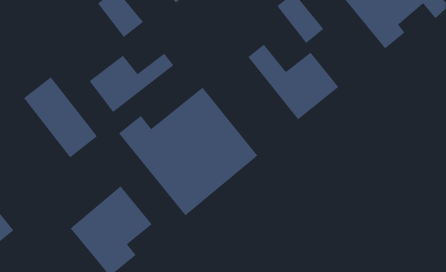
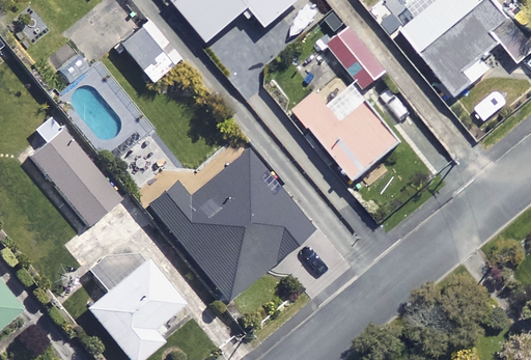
building: [89,53,174,113] -> none

